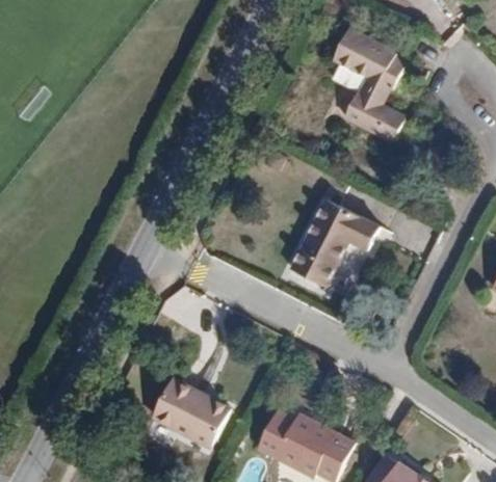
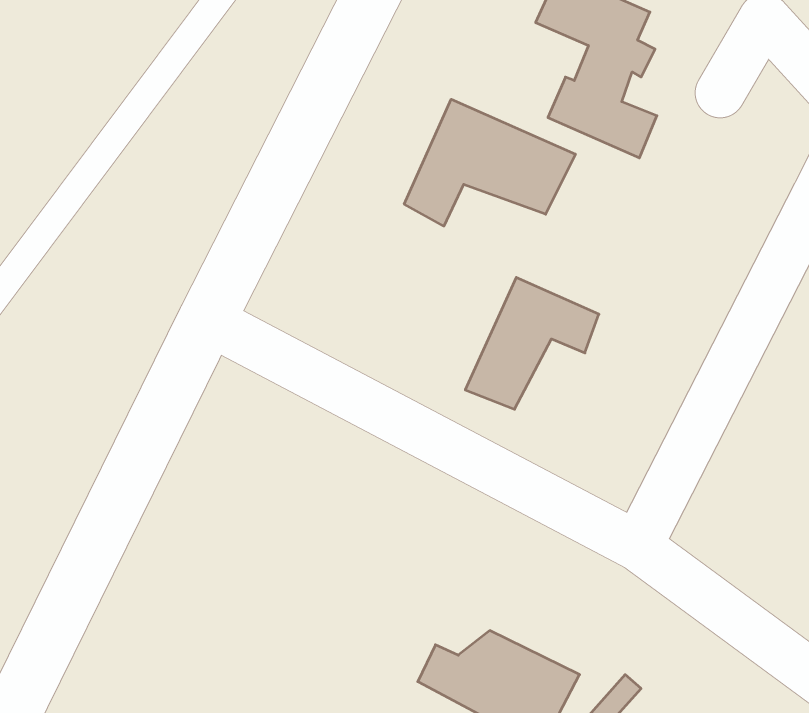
building: none -> [404,99,575,226]
building: [150,379,223,443] -> none

